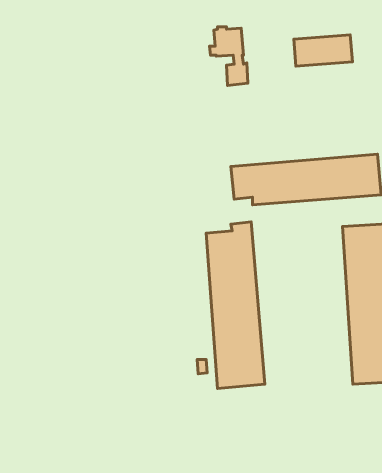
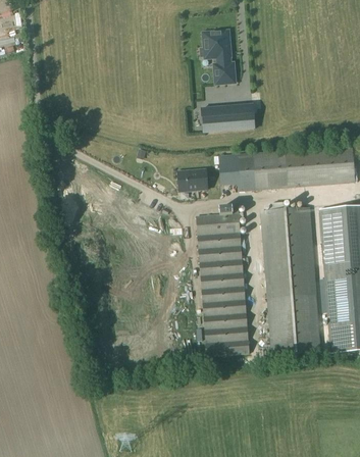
building: [294,35,352,66] -> [201,103,254,132]
building: none -> [176,169,207,192]
building: none -> [260,207,320,355]

